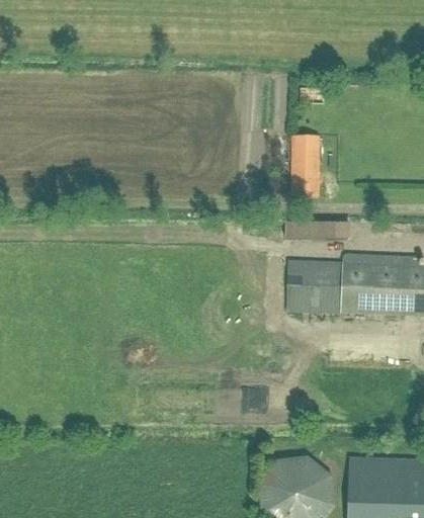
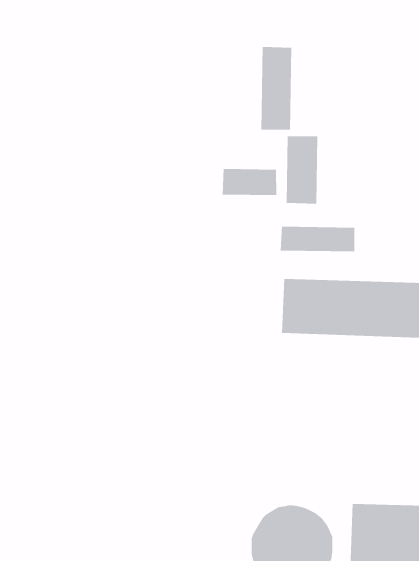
building: none -> [261,46,292,131]
building: none -> [222,168,277,196]

